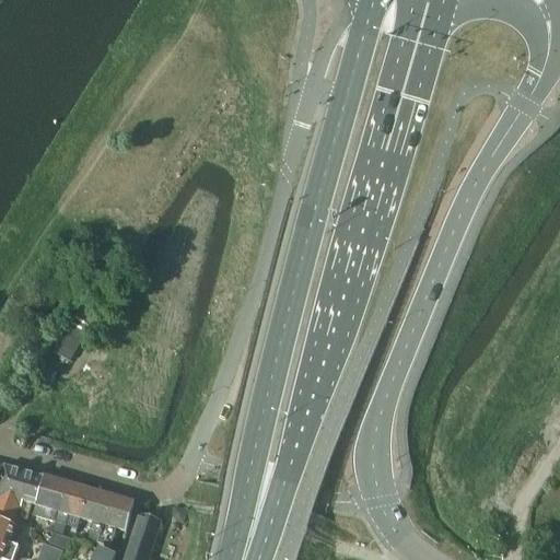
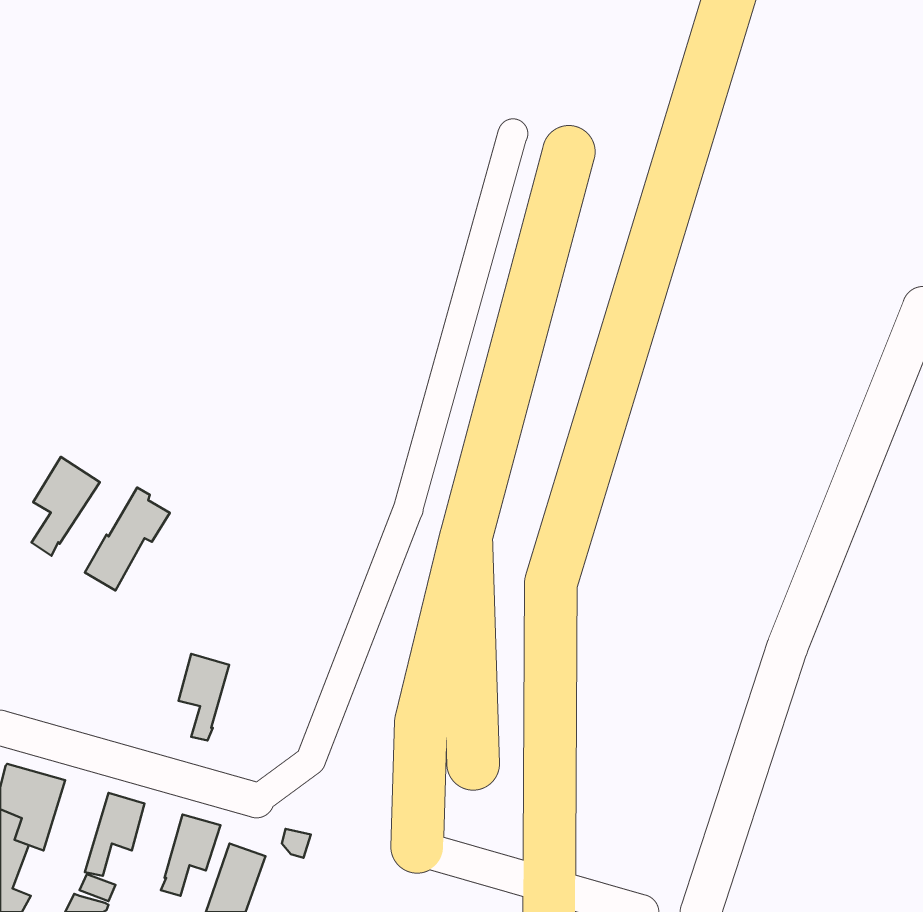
building: none -> [31,457,100,556]
building: [32,474,66,517] -> none
building: [80,487,110,539] -> [179,654,229,741]

